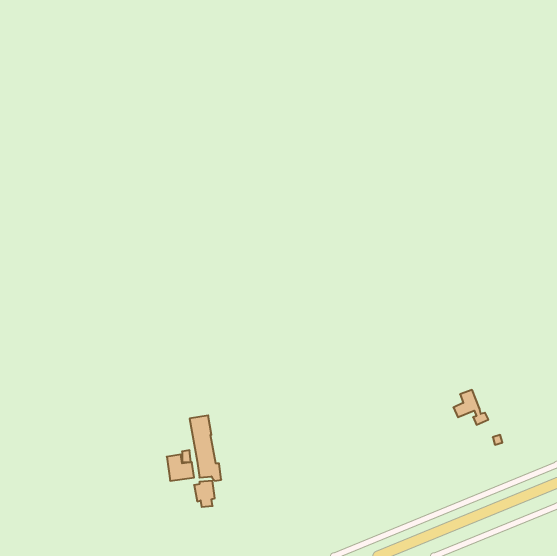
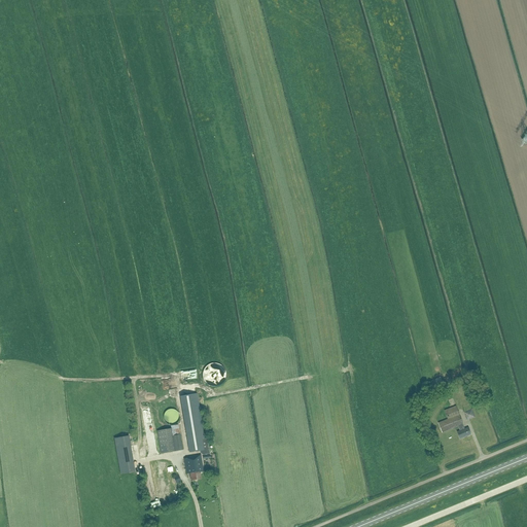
building: [453,390,488,425] -> [438,406,471,438]
building: none -> [114,434,135,473]

